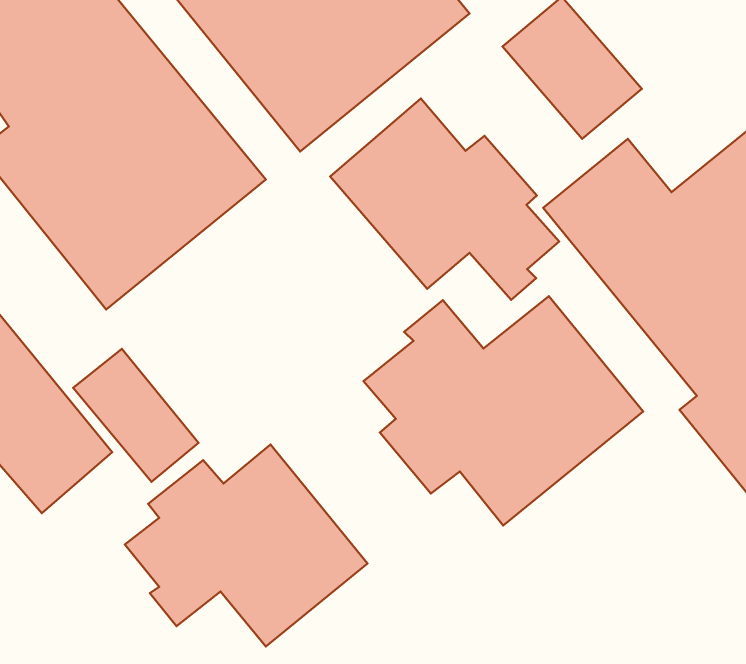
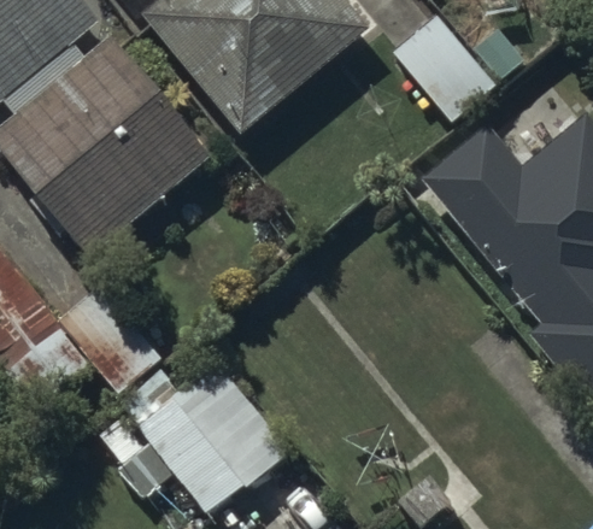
building: [330,98,559,300] -> none
building: [364,296,643,526] -> none

